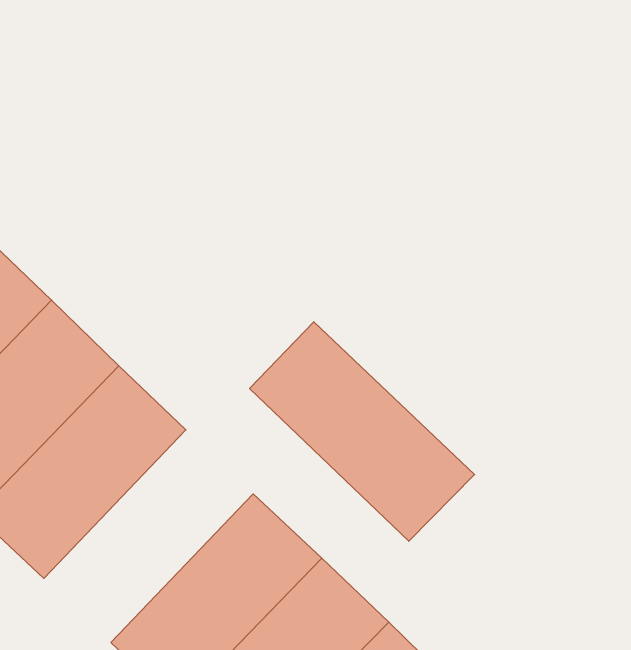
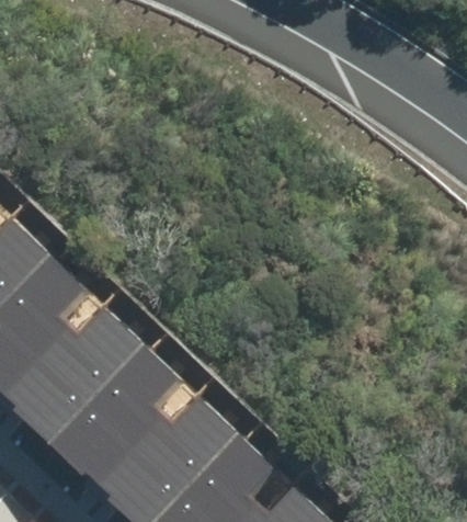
building: [250,322,475,541] -> none
building: none -> [54,352,201,501]

